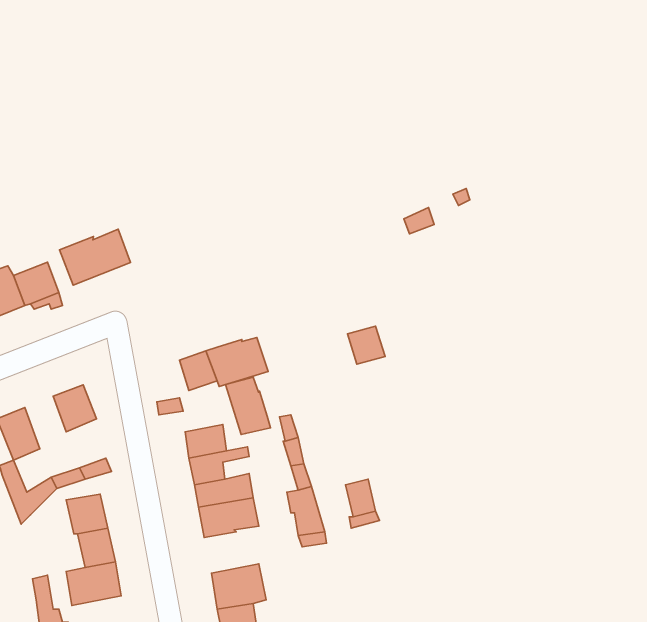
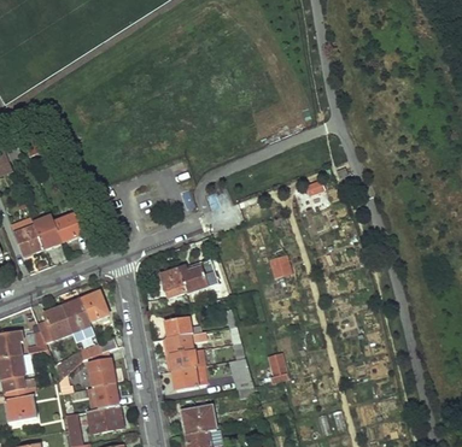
building: [60,229,130,285] -> none
building: [226,377,271,435] -> none
building: none -> [62,299,94,342]

